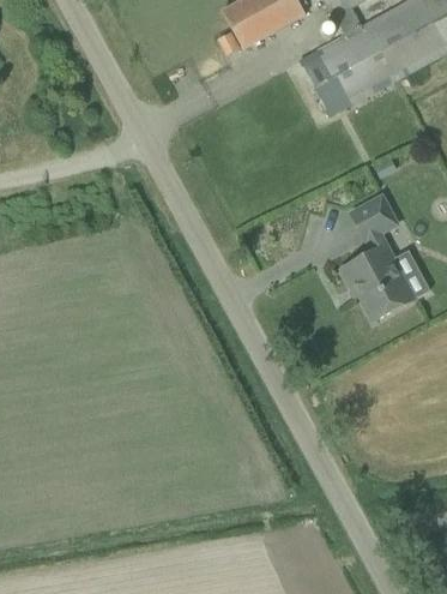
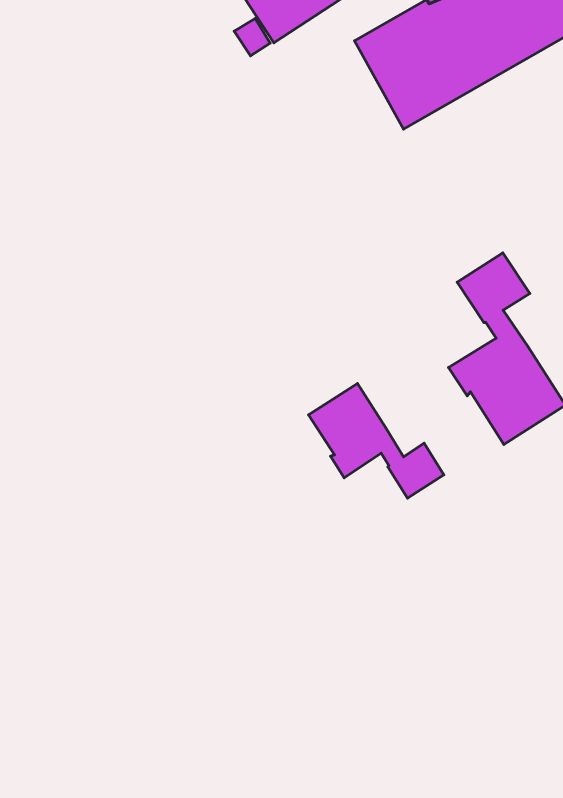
building: none -> [308,383,444,498]

